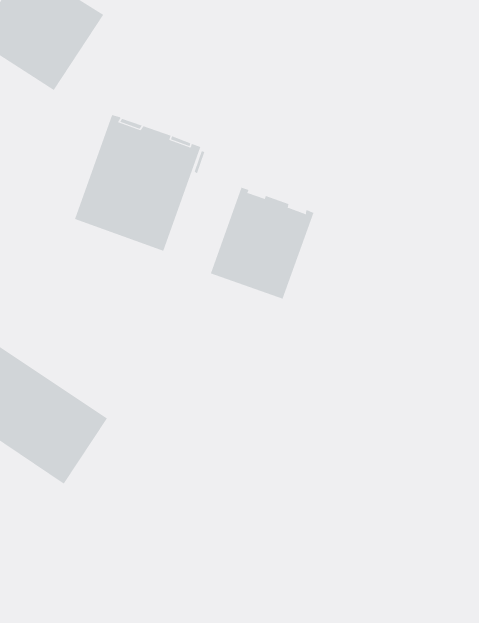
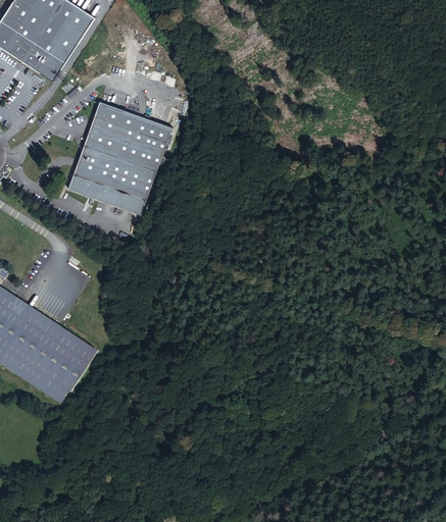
building: [210,187,314,300] -> none

